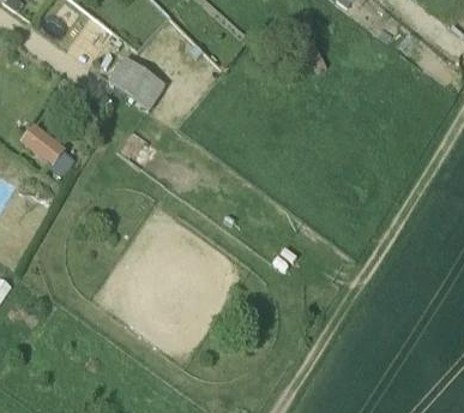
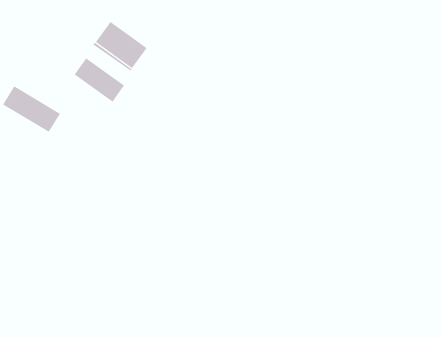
building: none -> [74,58,125,103]

